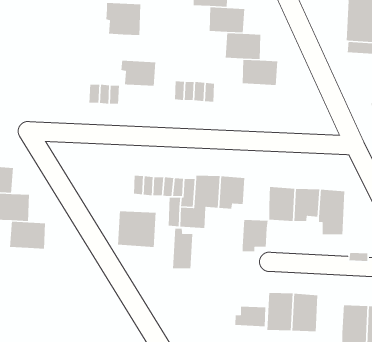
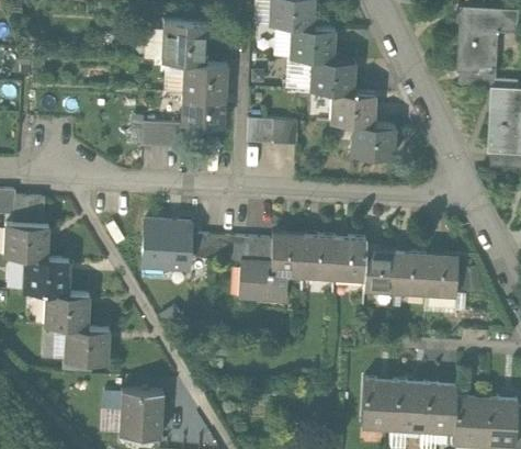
building: none -> [182,63,226,96]
building: none -> [350,124,395,157]
building: [117,210,156,248] -> [143,222,191,268]
building: [242,219,268,252] -> [332,238,365,279]
building: [172,228,194,269] -> none
building: none -> [66,326,110,362]
building: none -> [422,383,455,430]
building: none -> [120,390,163,437]
building: [235,306,266,327] -> none

